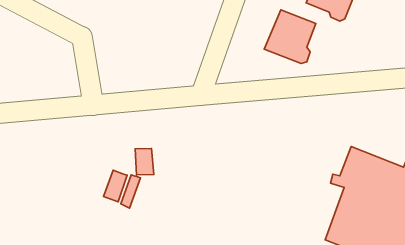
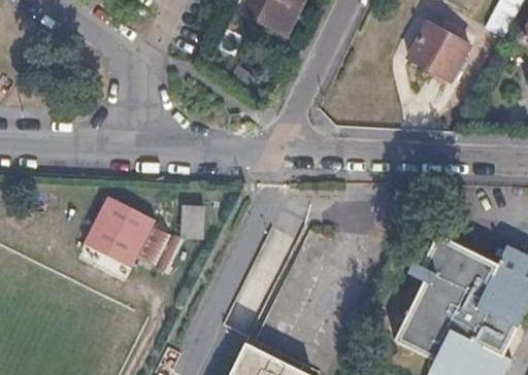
building: [264,10,316,64] -> none
building: none -> [77,194,155,276]

